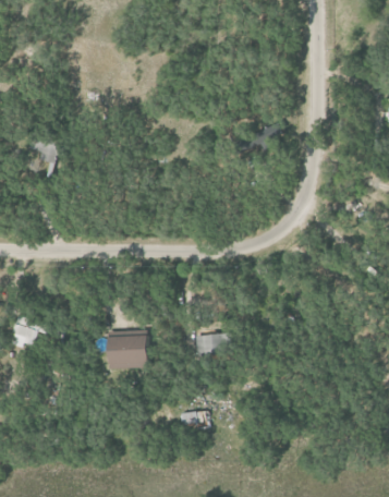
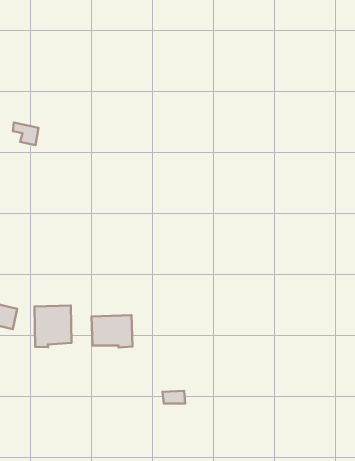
building: none -> [34,306,72,347]
building: [194,334,221,354] -> none

